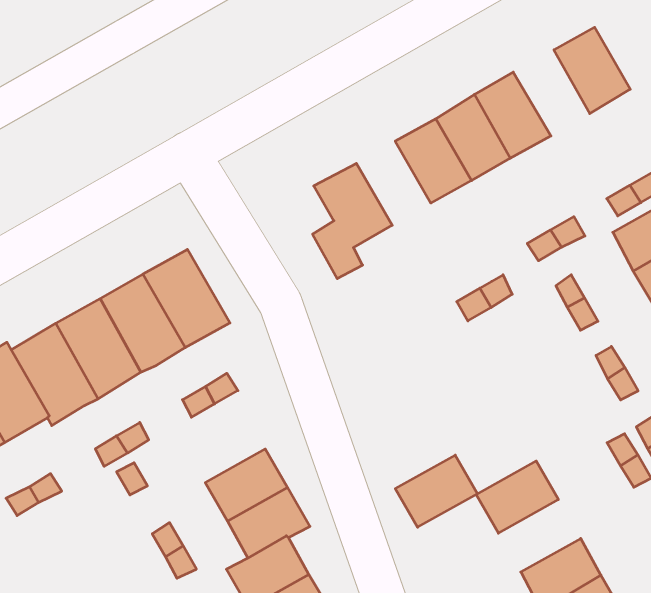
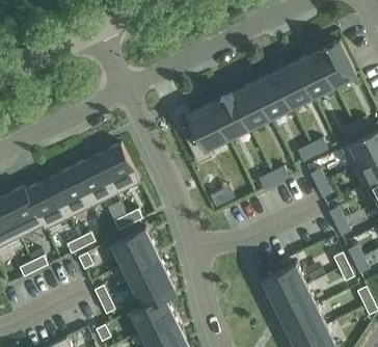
building: none -> [295,52,333,97]
building: none -> [211,95,248,138]
building: none -> [112,230,155,266]
building: [395,455,478,527] -> [273,286,316,322]

